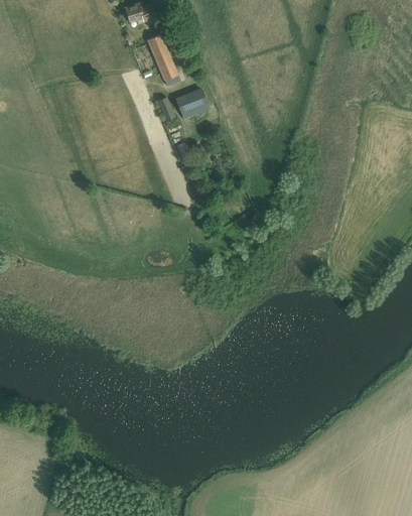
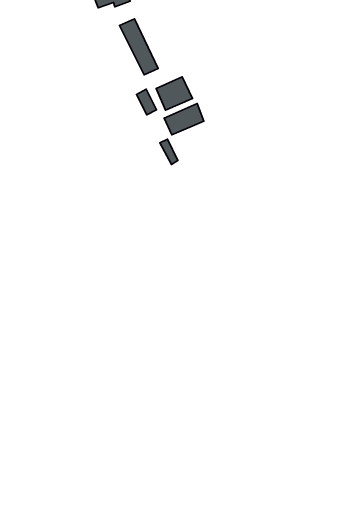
building: none -> [164,104,204,135]

